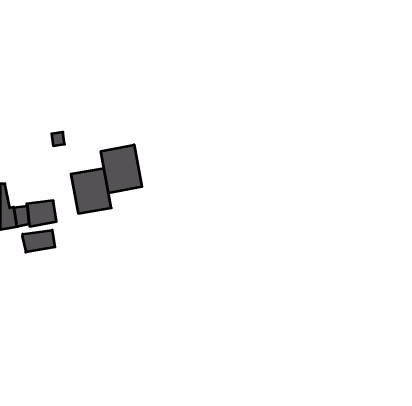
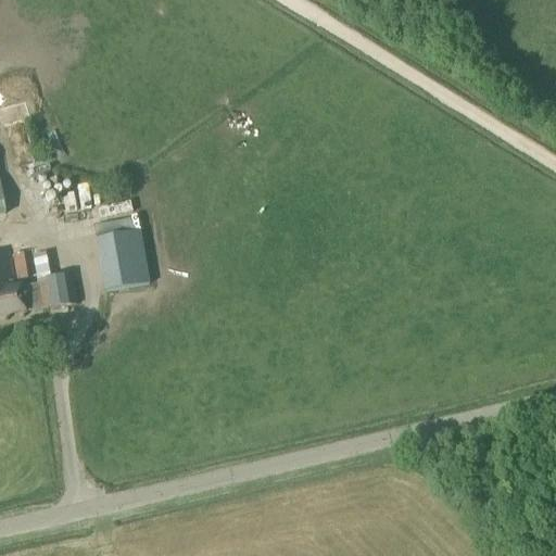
building: [101,145,142,193] -> none
building: [23,230,55,252] -> none

